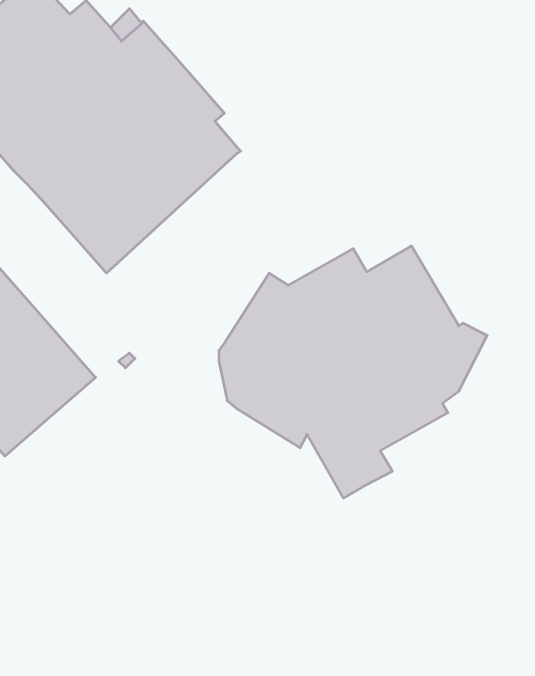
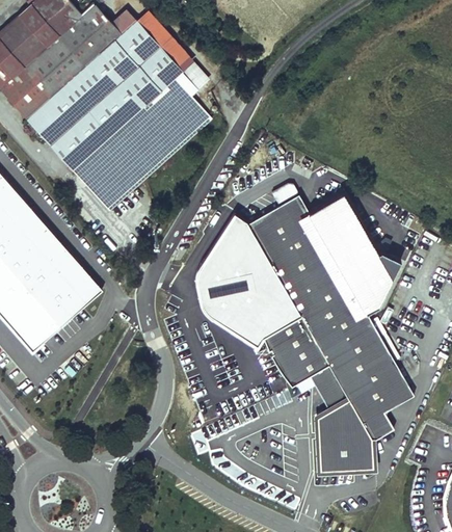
building: none -> [137,10,210,89]
building: none -> [309,320,414,471]

